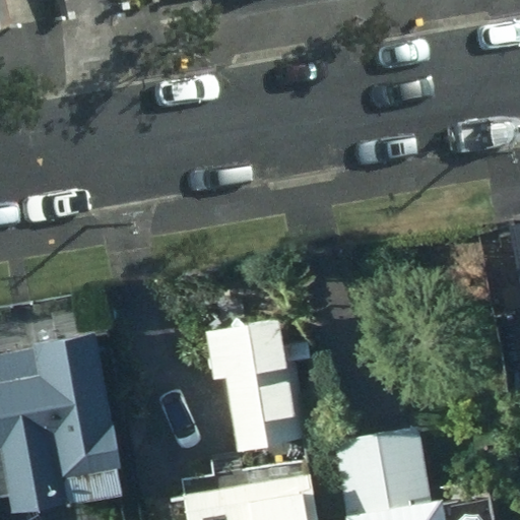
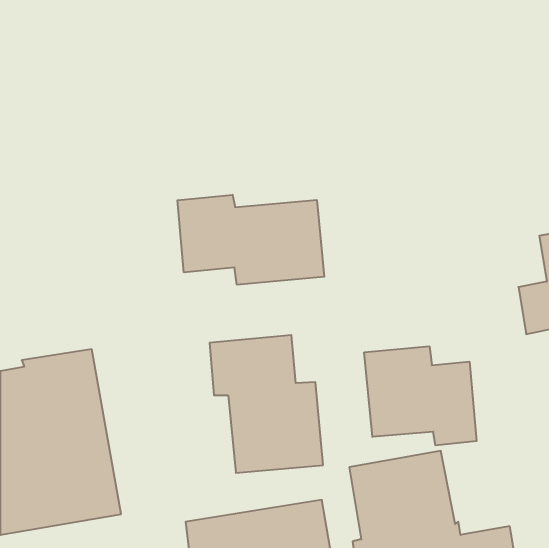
building: none -> [177,195,324,285]
building: none -> [364,346,477,445]

